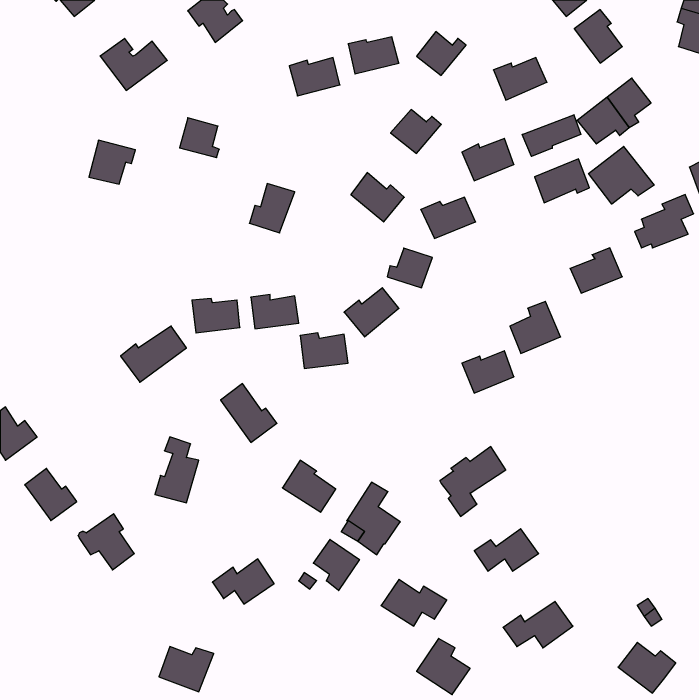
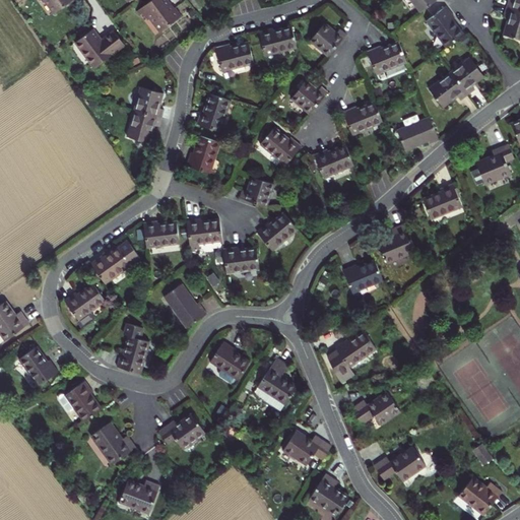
building: [522,115,581,156] -> none
building: none -> [197,93,230,131]
building: [89,140,135,184] -> [127,110,161,142]
building: [589,146,654,204] -> none
building: [387,248,432,288] -> [240,177,273,206]
building: none -> [64,284,105,327]
building: [313,539,359,591] -> none
building: none -> [91,422,135,464]

